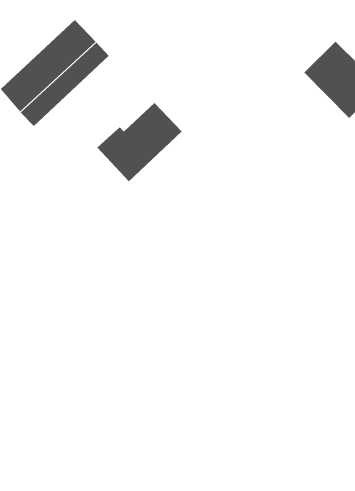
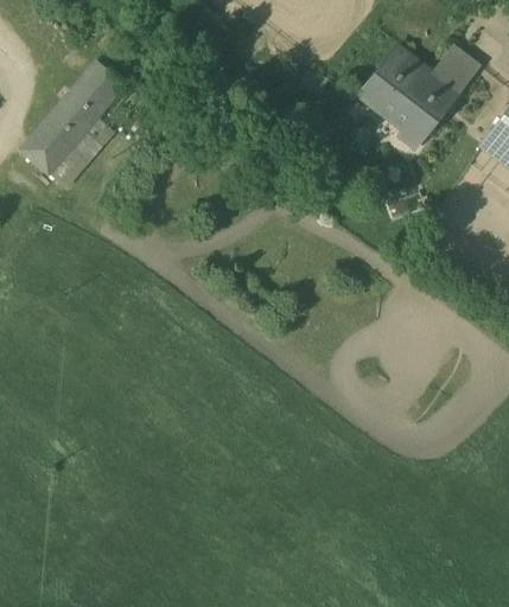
building: [97,102,182,182] -> none

